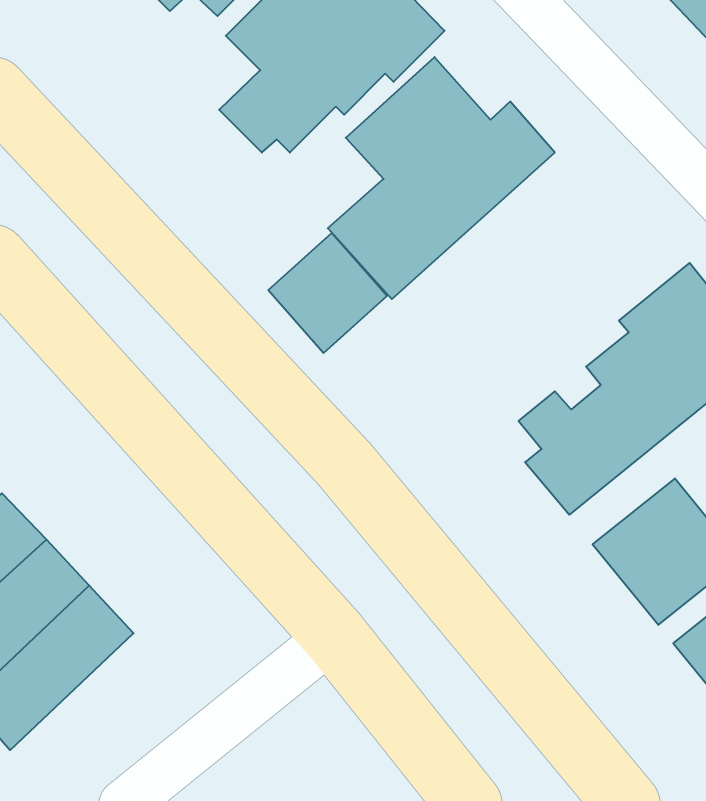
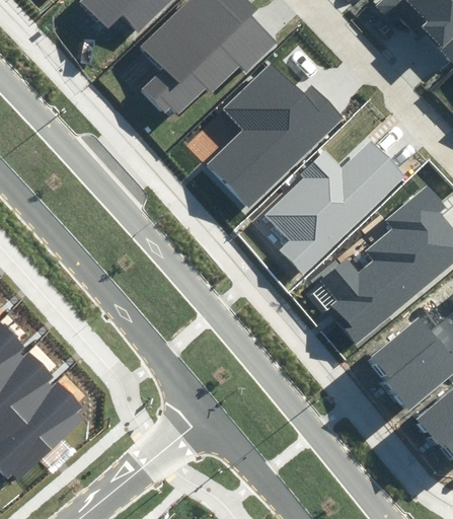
building: none -> [262,140,405,276]
building: [268,233,387,353] -> none

